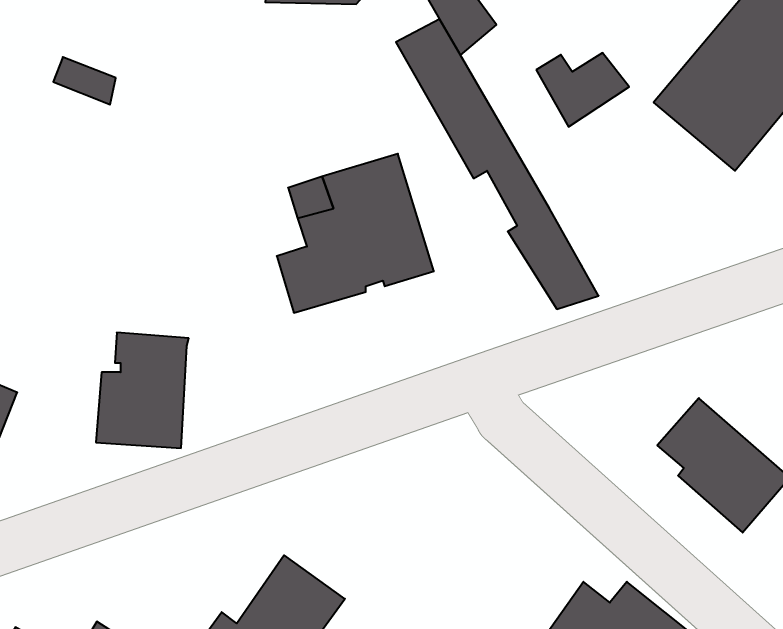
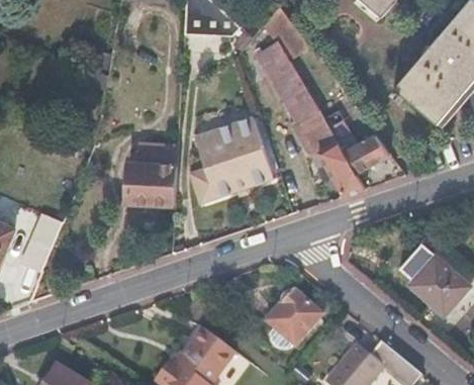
building: [536,53,629,127] -> [340,133,389,173]
building: [96,333,189,448] -> [129,142,179,204]
building: none -> [270,291,325,351]

